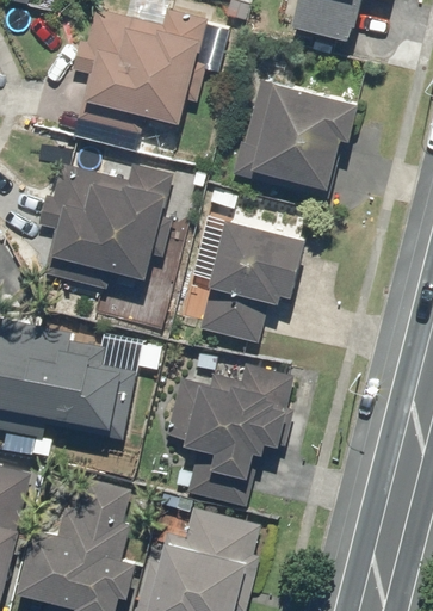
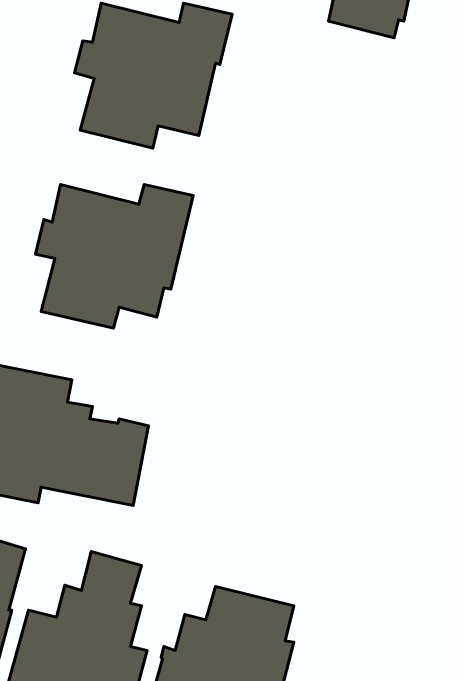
building: [233,80,357,198] -> none
building: [200,220,304,342] -> none
building: [166,364,293,506] -> none

